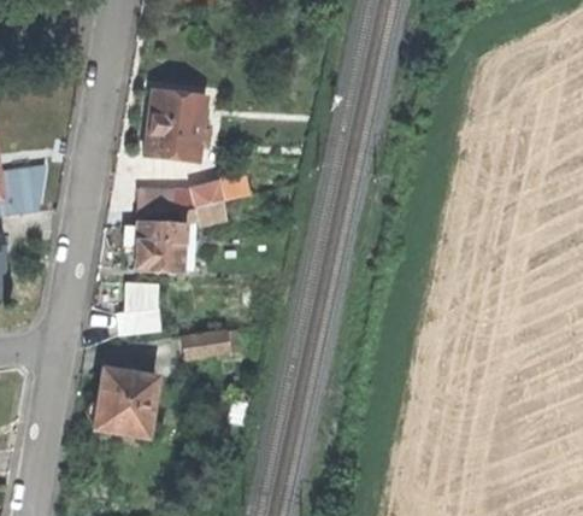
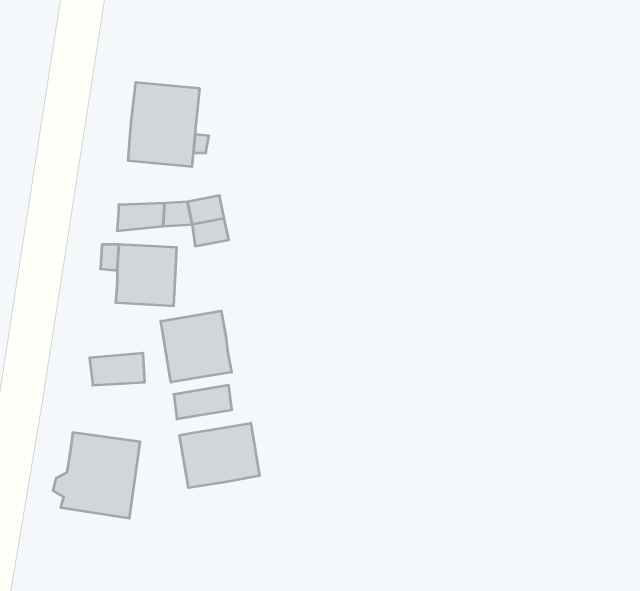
building: none -> [161,311,232,382]
building: none -> [180,423,260,488]

